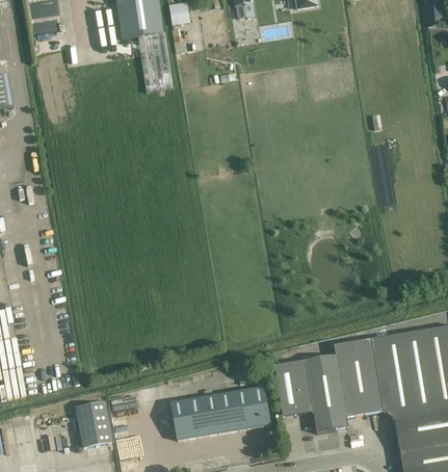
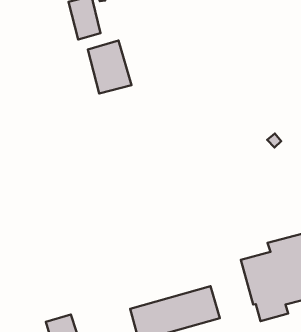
building: none -> [88,40,132,94]
building: [274,360,311,416] -> none

